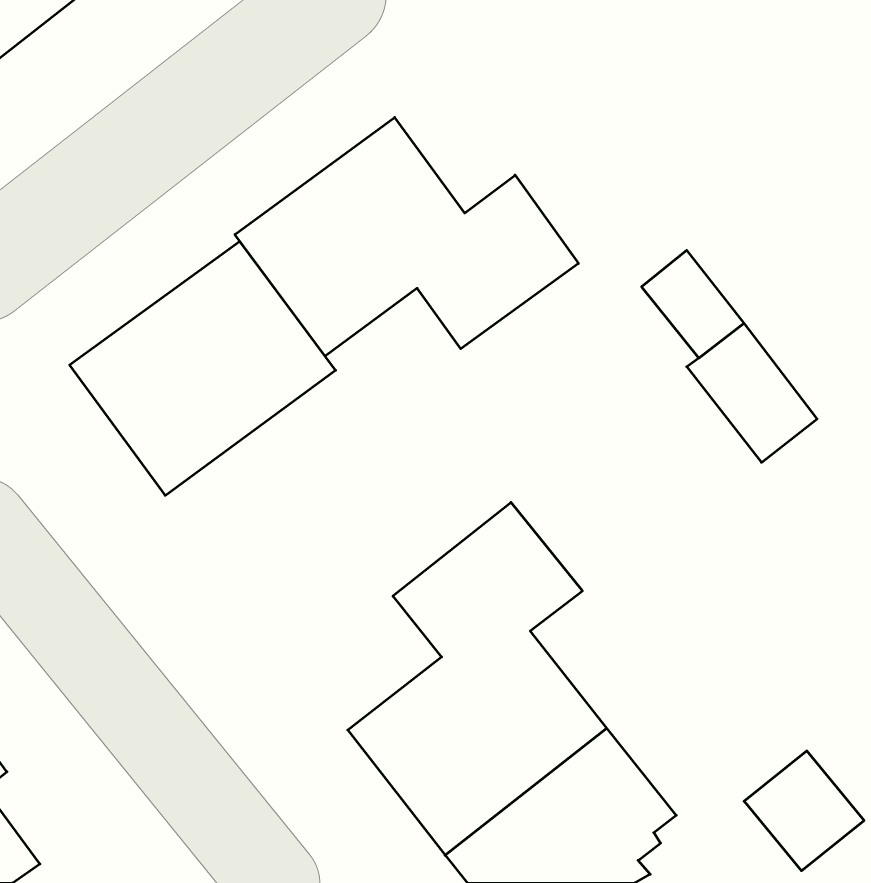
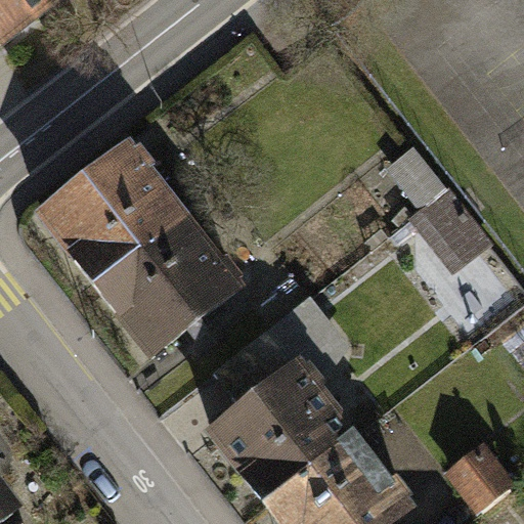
building: [235,117,578,356] -> none
building: none -> [97,218,251,363]

